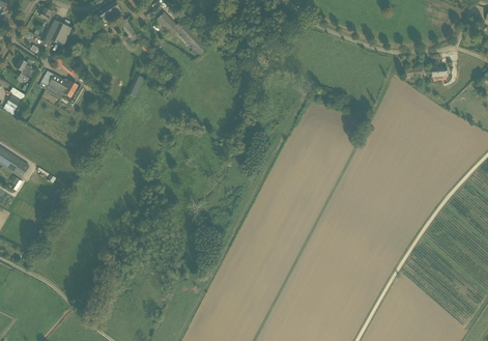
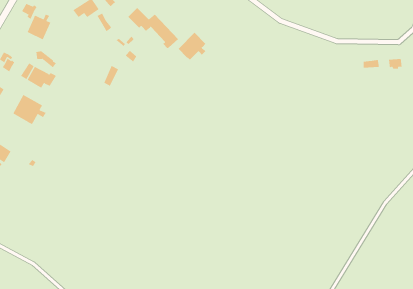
building: none -> [178,32,207,61]
building: none -> [12,94,46,125]

